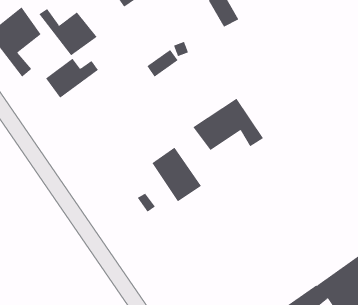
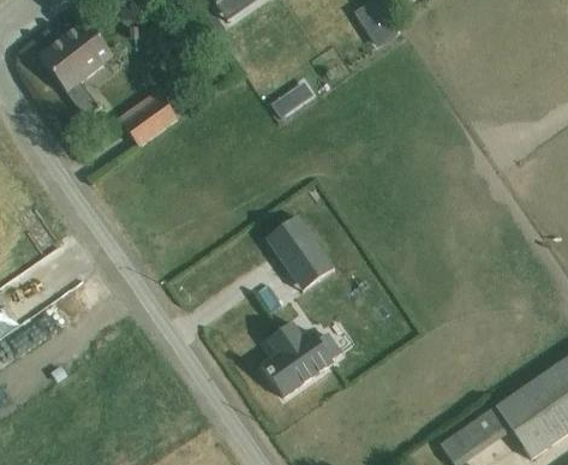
building: [39,8,97,56] -> none
building: [193,98,264,151] -> none
building: none -> [261,321,342,397]

